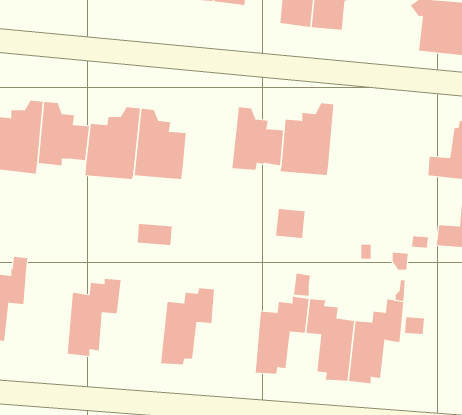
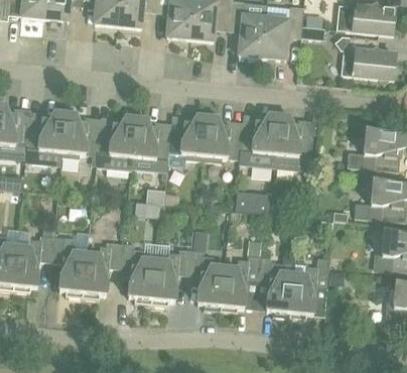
building: none -> [275,113,313,160]
building: none -> [168,114,209,165]
building: none -> [51,235,87,296]
building: none -> [120,242,156,303]
building: none -> [189,249,225,310]

